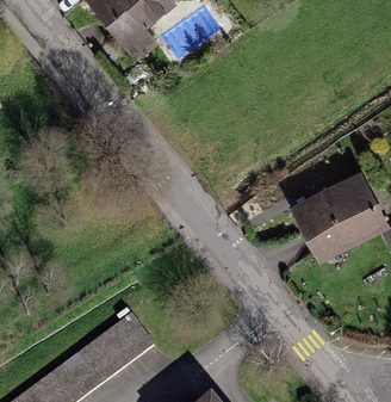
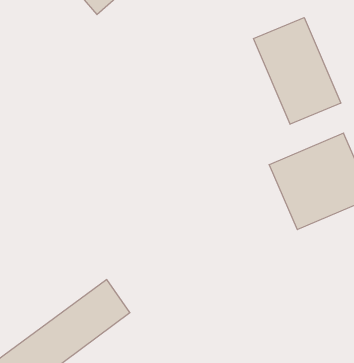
building: none -> [253,18,341,124]

